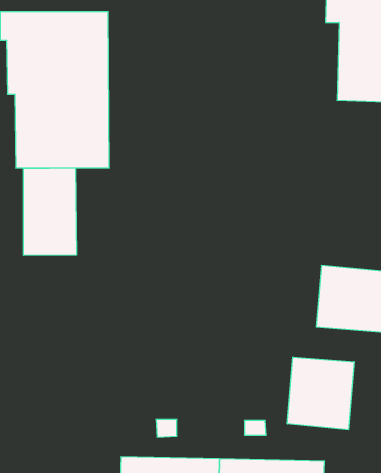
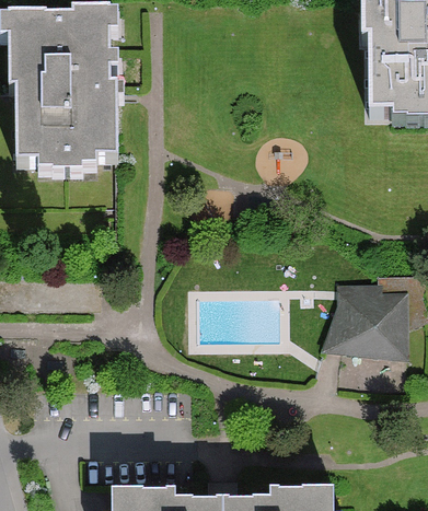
building: [23,168,76,255] -> none
building: [287,357,354,430] -> none

